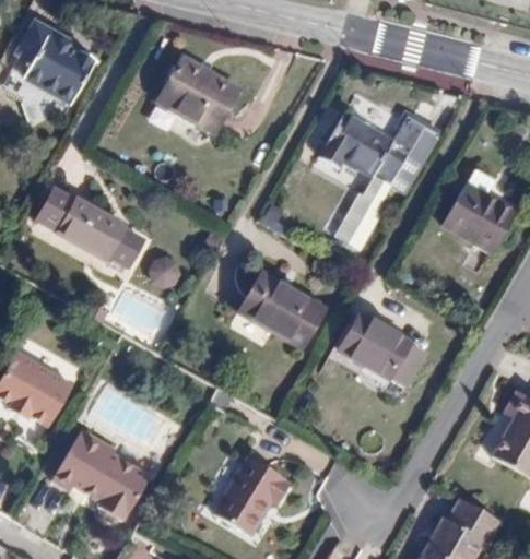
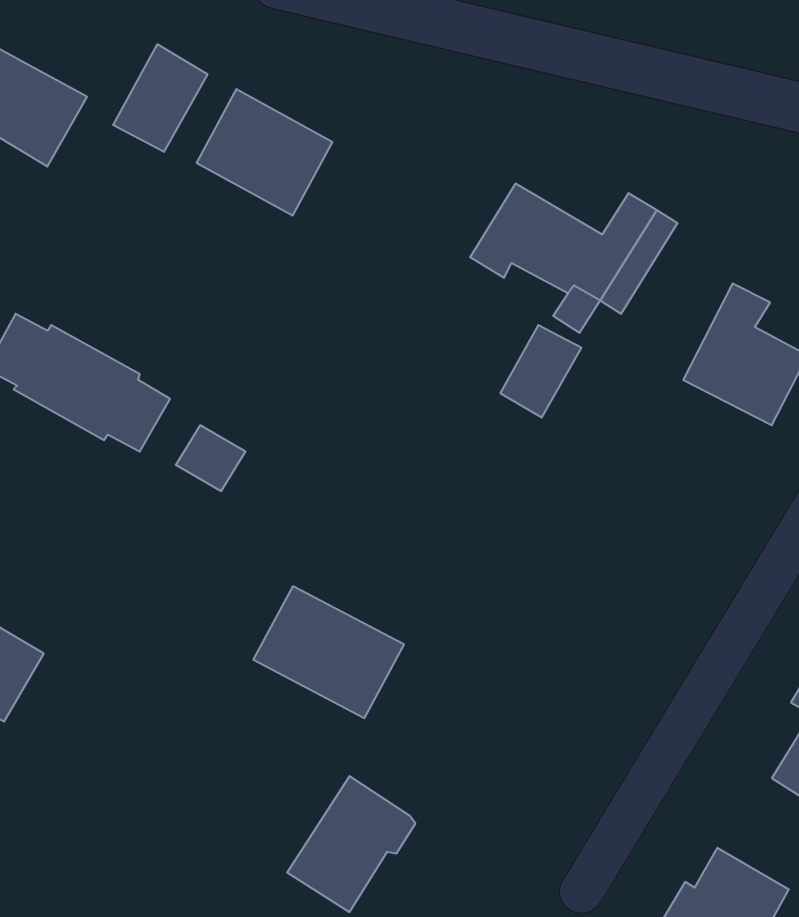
building: none -> [113,44,207,152]
building: [239,272,327,348] -> [253,586,404,718]
building: [340,313,423,400] -> none
building: [52,429,151,520] -> none

